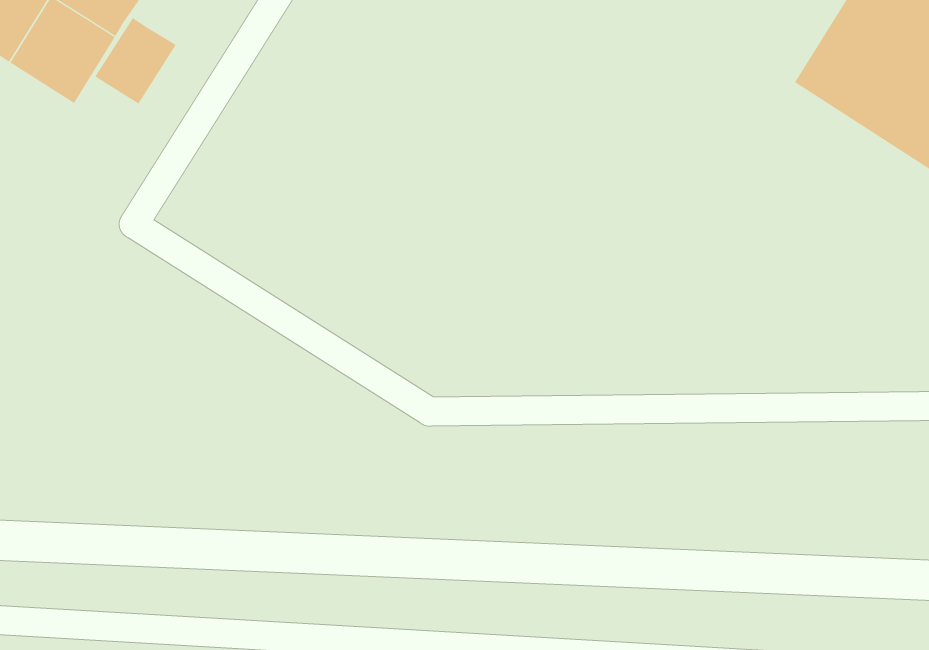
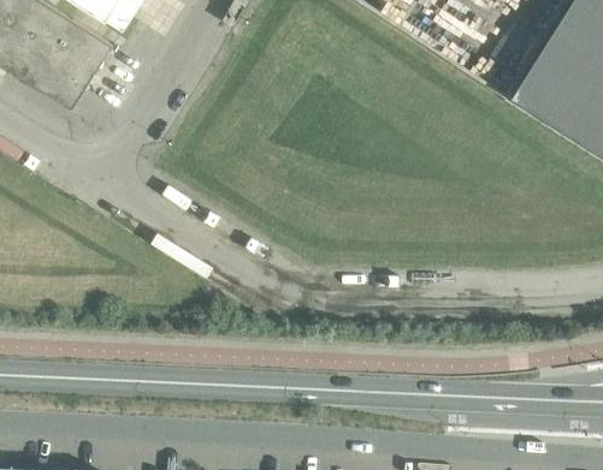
building: [95,17,177,104] -> none

